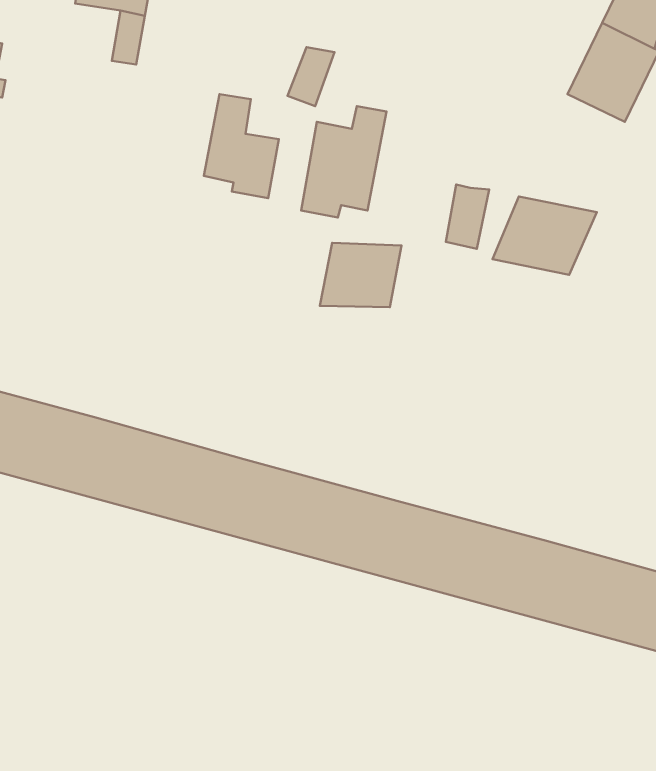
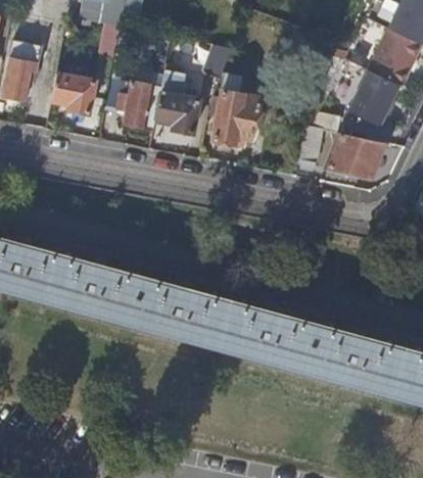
building: none -> [348,73,402,129]
building: none -> [51,74,94,114]
building: none -> [104,78,160,128]
building: [320,243,401,307] -> none

